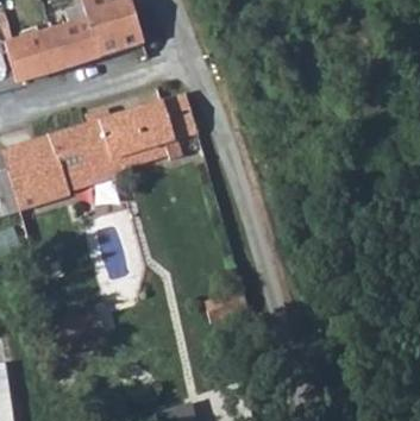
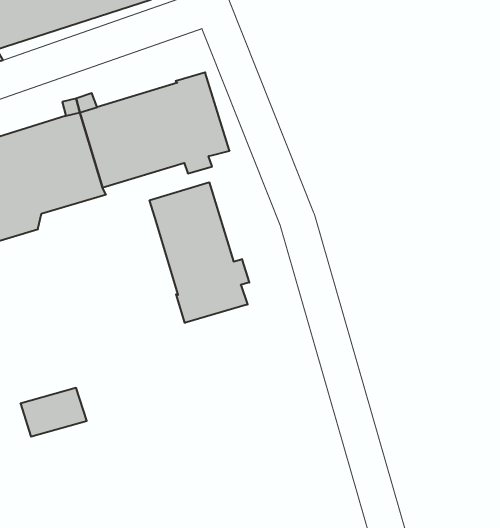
building: none -> [150,182,249,323]

